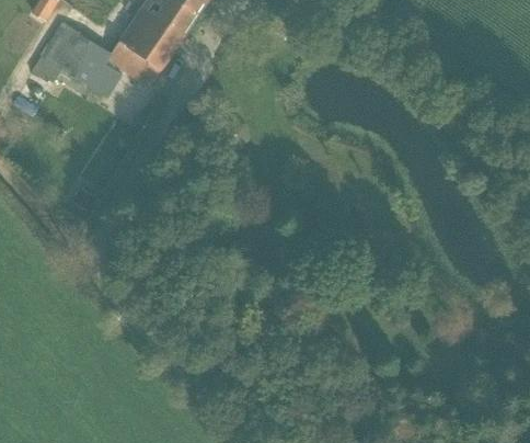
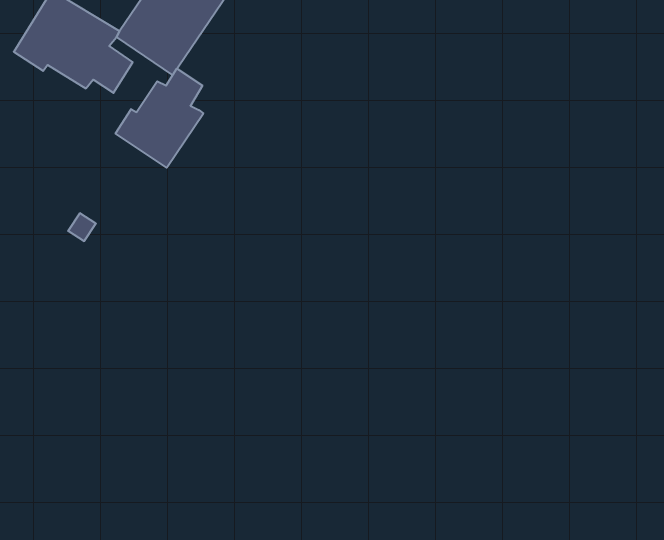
building: none -> [116,68,203,168]

